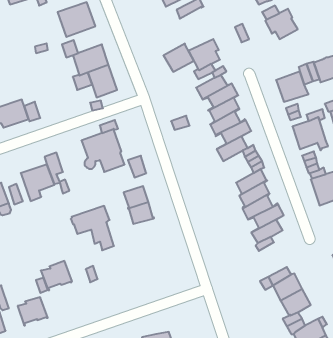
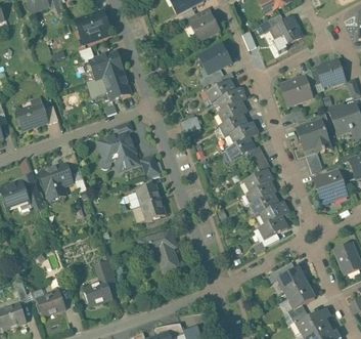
building: [163,44,194,72] -> [190,14,219,41]
building: [71,206,114,250] -> [138,229,179,271]
building: [41,261,72,290] -> [83,279,112,306]

